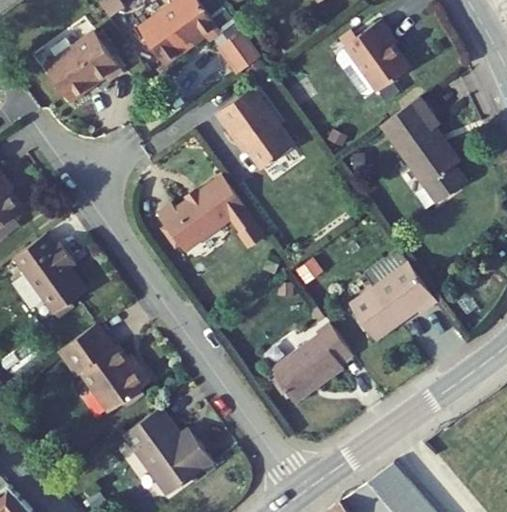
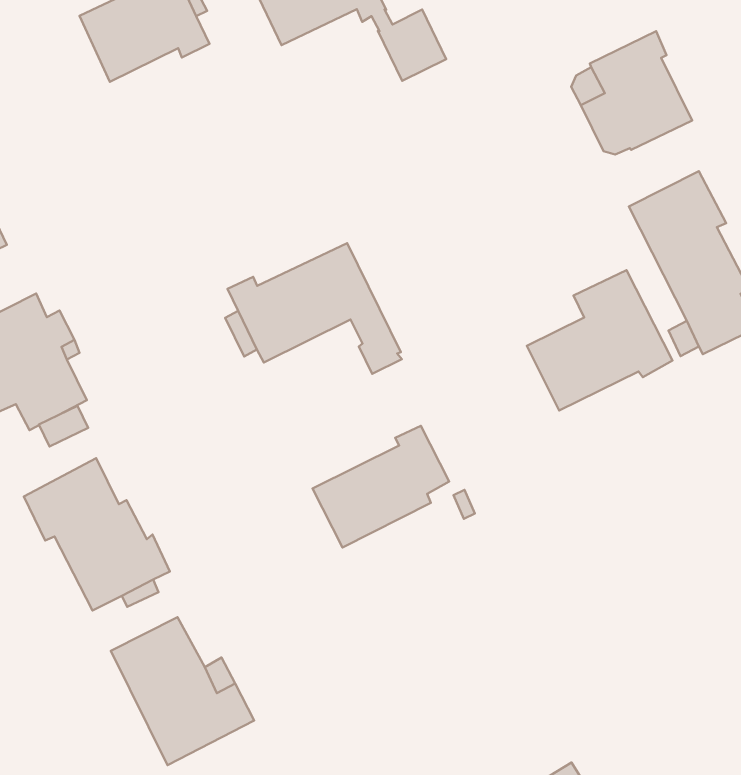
building: [220,89,298,171] -> none
building: [347,255,433,342] -> [527,270,673,410]
building: [267,326,346,403] -> [313,426,449,548]

